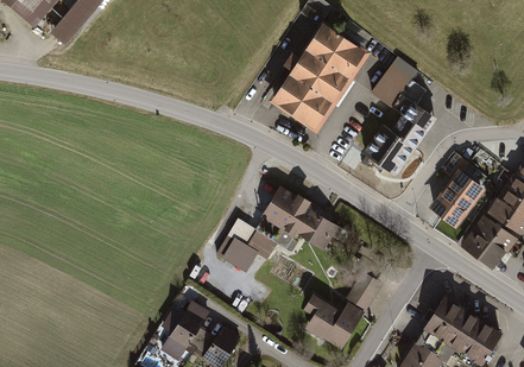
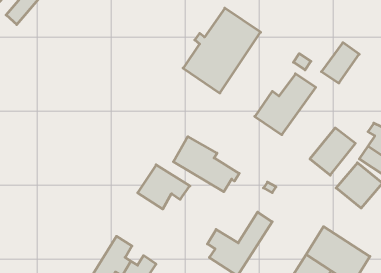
building: [368,59,415,109] -> [321,43,359,83]

